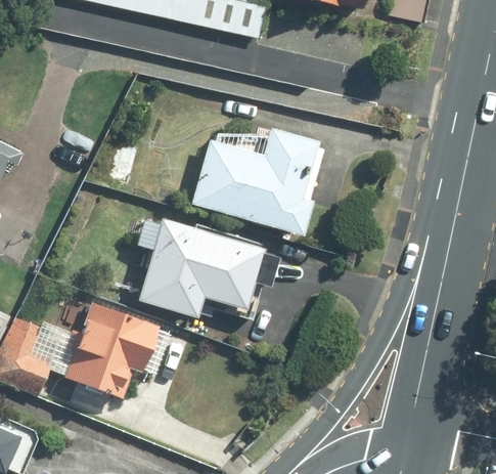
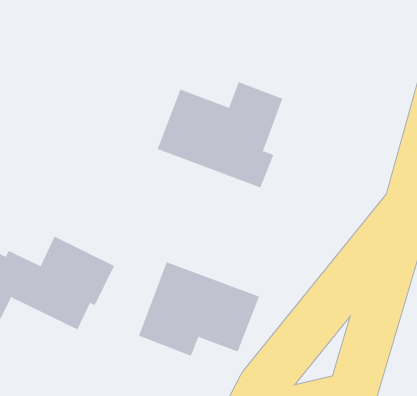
building: [138,219,262,316] -> [138,261,260,357]

